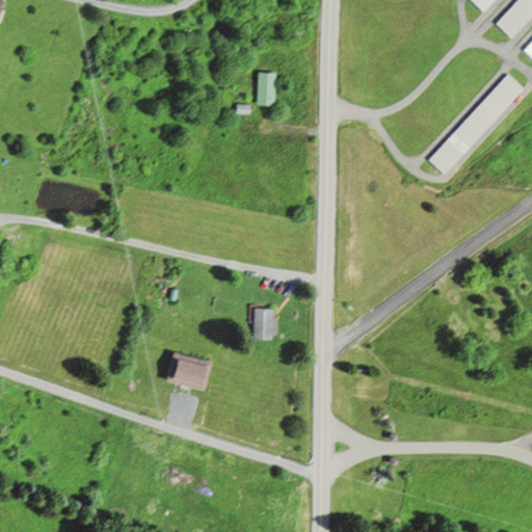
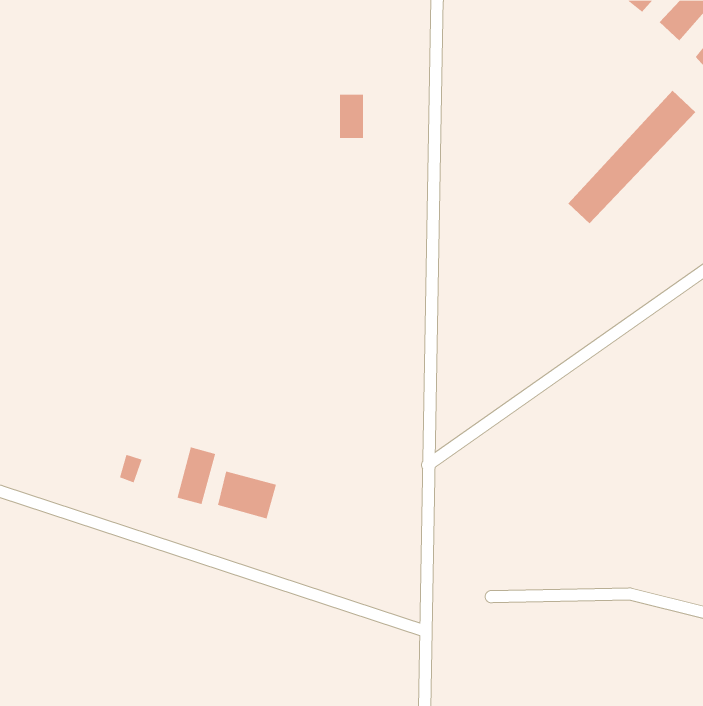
building: [254,309,276,340] -> none
building: none -> [177,447,216,505]

